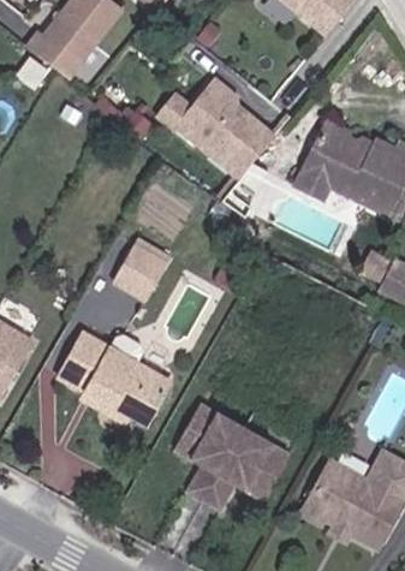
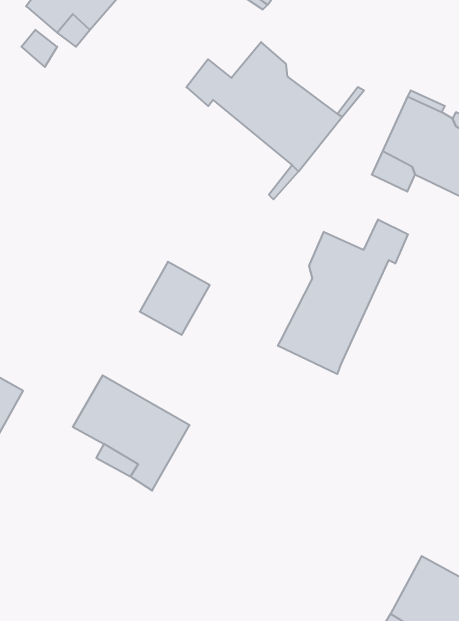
building: none -> [278,219,408,374]
building: [173,405,282,508] -> none

